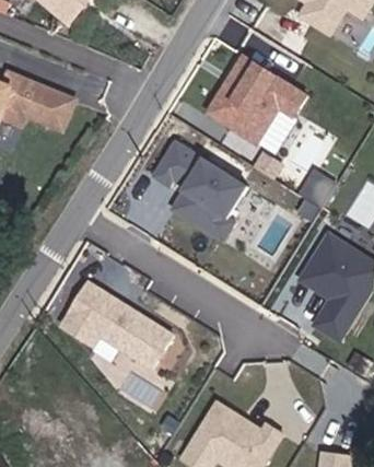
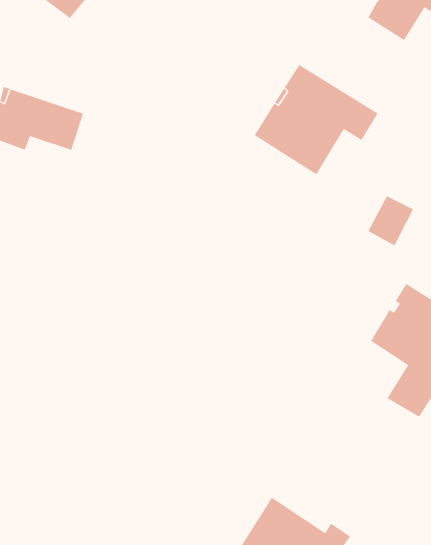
building: [154,142,249,242] -> none
building: [63,281,175,366] -> none

